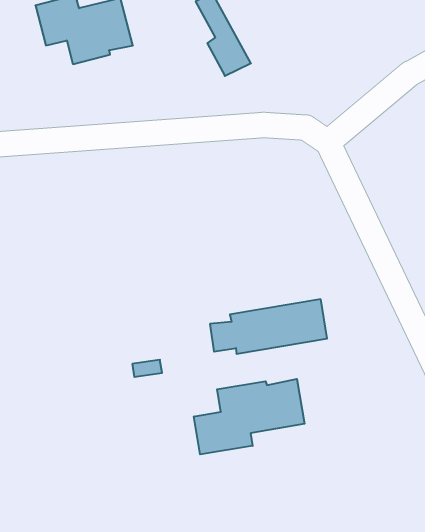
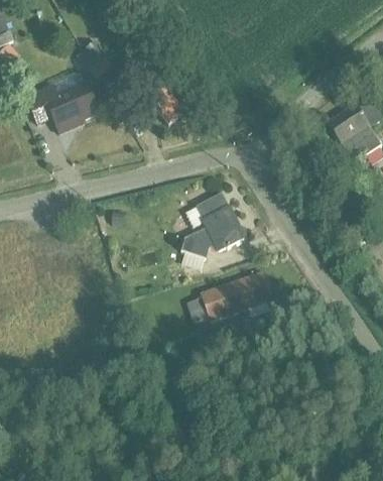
building: none -> [180,193,244,258]
building: [194,379,305,454] -> none

